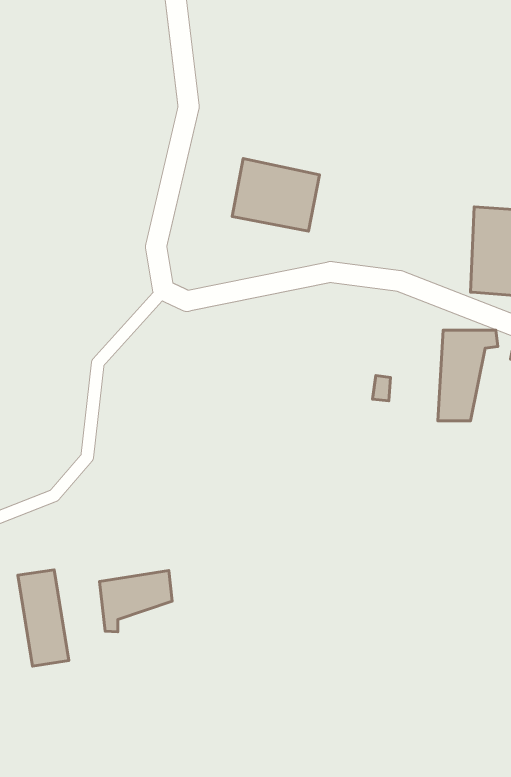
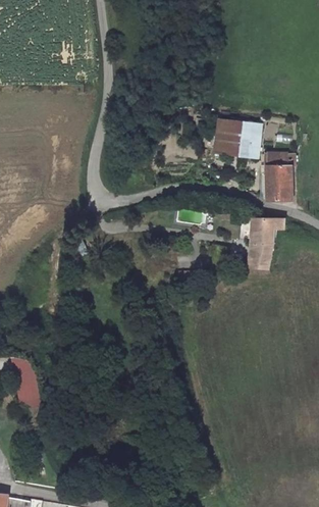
building: [232,158,319,231] -> [215,114,264,155]
building: [100,570,172,632] -> none

